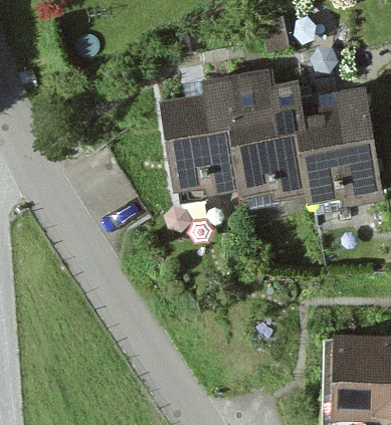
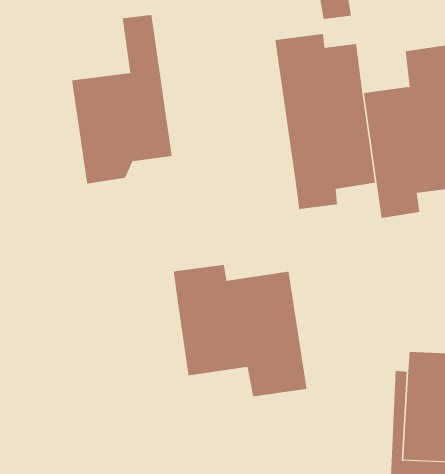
building: [166,76,246,211] -> [71,14,173,184]
building: none -> [173,264,307,397]

